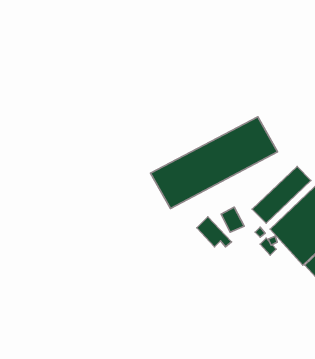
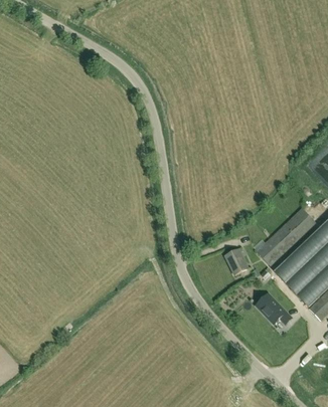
building: [151,117,278,208] -> none
building: [197,217,232,247] -> [256,293,291,324]

